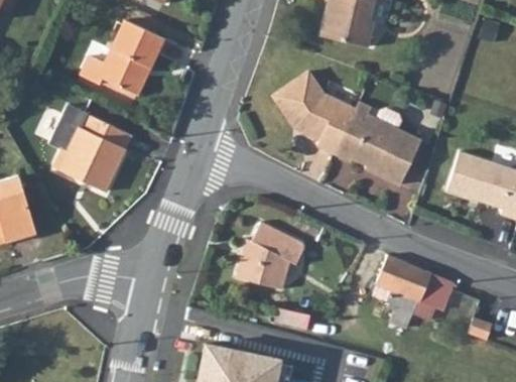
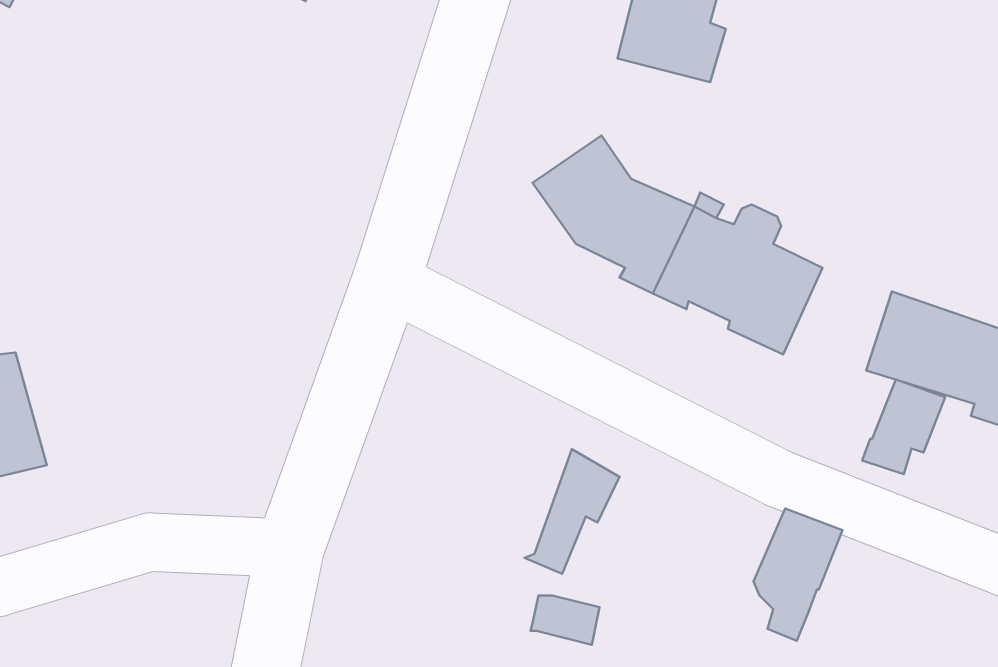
building: [75,17,159,94] -> none
building: [41,102,124,189] -> none
building: [243,220,293,286] -> none
building: [414,272,457,321] -> [862,380,945,474]

